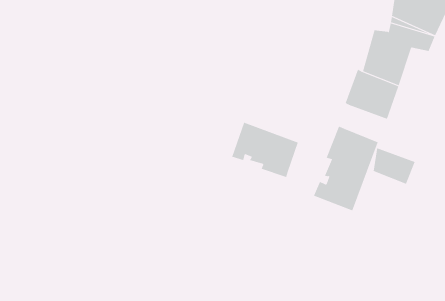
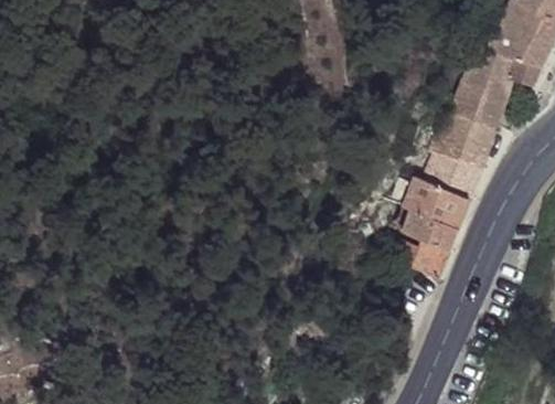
building: [232,122,298,178] -> none
building: [373,147,415,185] -> [431,149,483,194]

